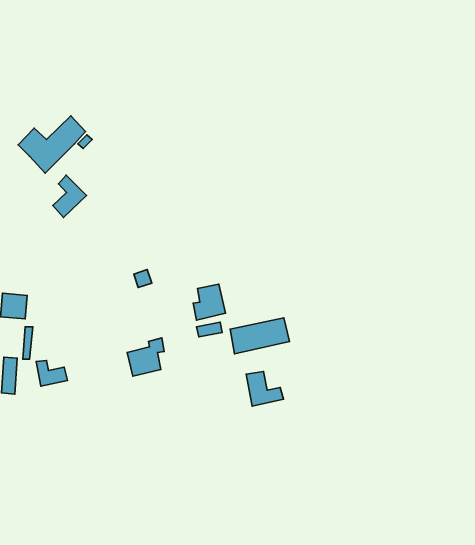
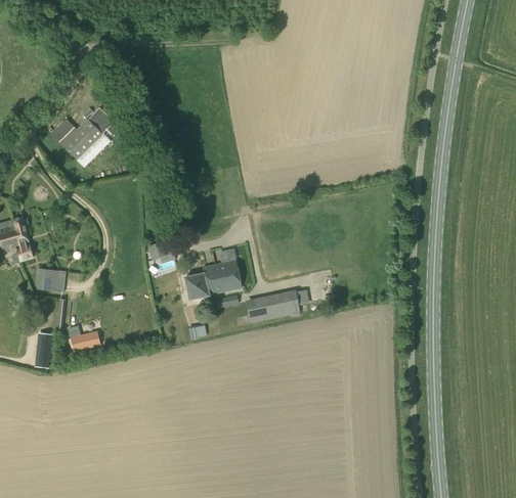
building: [53,175,87,217] -> none
building: [127,338,164,376] -> [184,264,218,299]
building: [246,371,284,406] -> none

